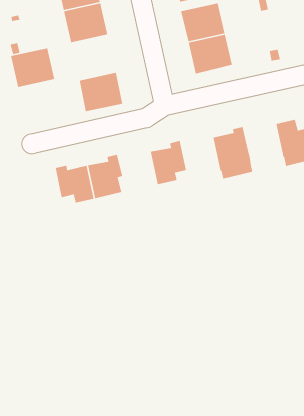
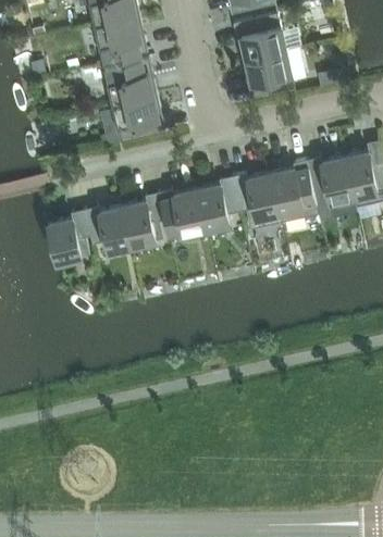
building: [10,47,55,88] -> [103,58,157,105]
building: none -> [306,157,353,202]
building: none -> [232,173,279,218]
building: none -> [158,189,205,237]
building: none -> [48,209,89,262]

